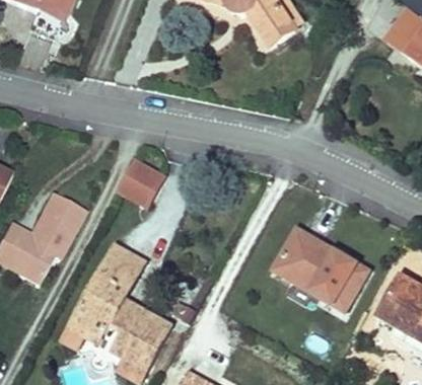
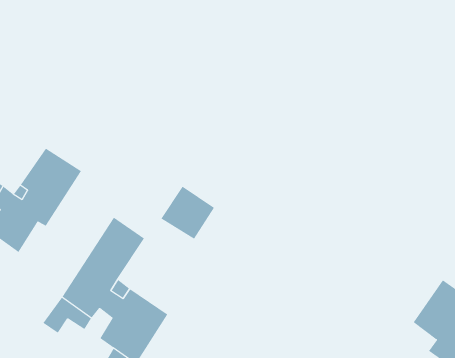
building: [120,158,165,203] -> [160,186,215,239]
building: [275,229,369,309] -> none

